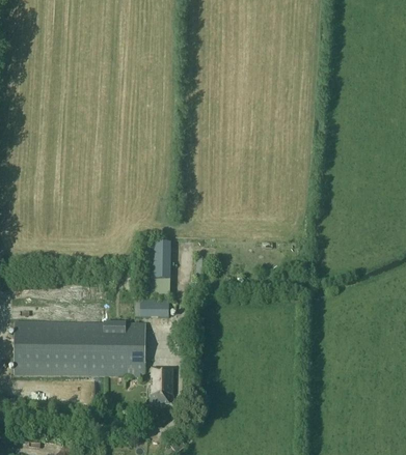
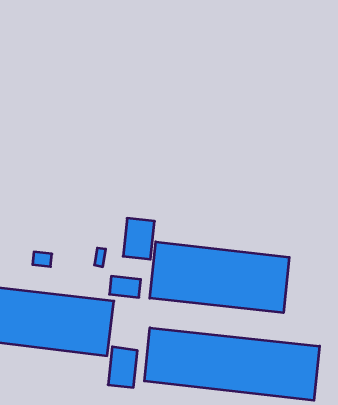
building: none -> [150,242,289,313]
building: none -> [144,328,320,400]

